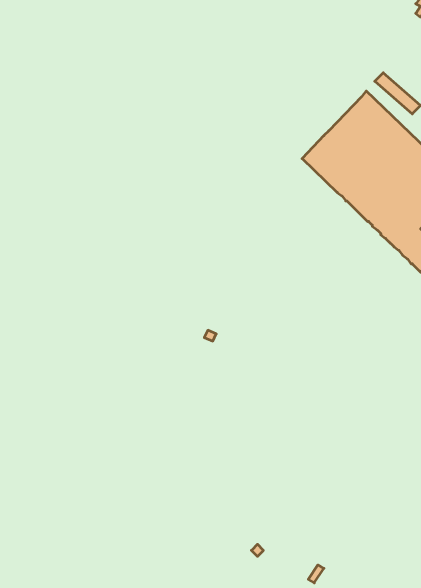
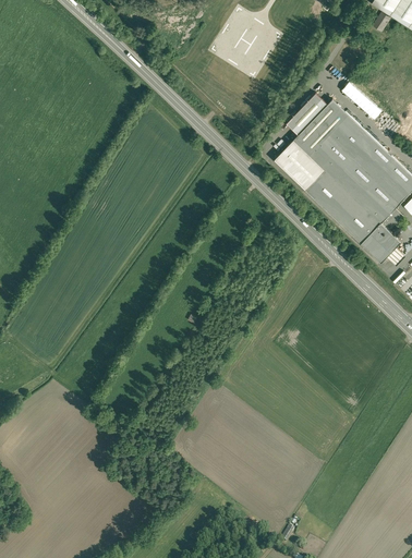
building: none -> [288,94,328,135]

